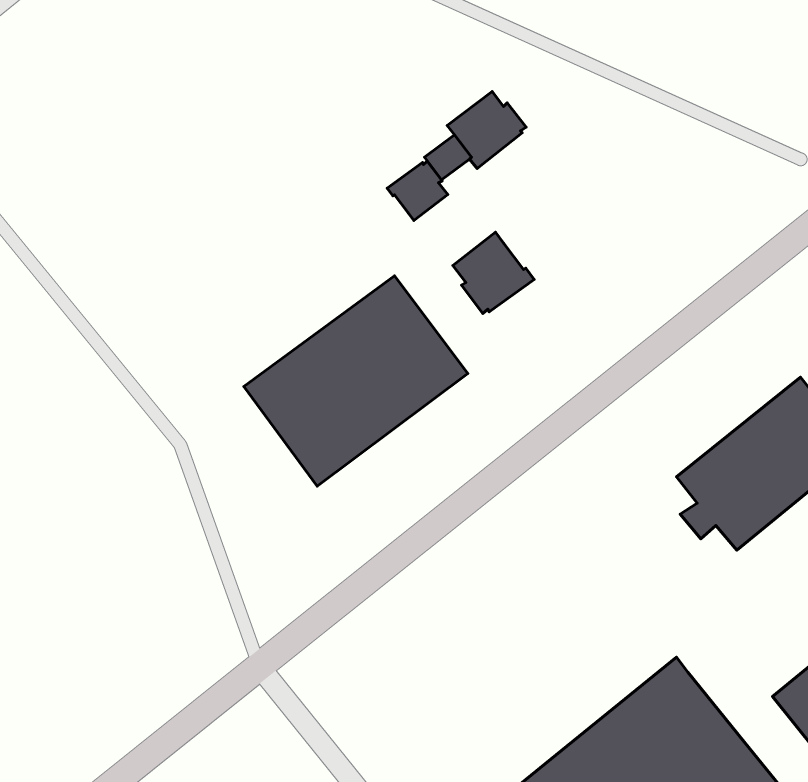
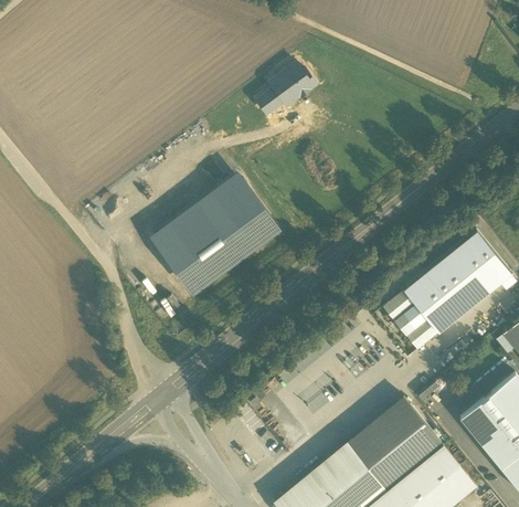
building: [387,161,448,221] -> none
building: [453,232,534,314] -> none
building: none -> [384,289,439,349]

